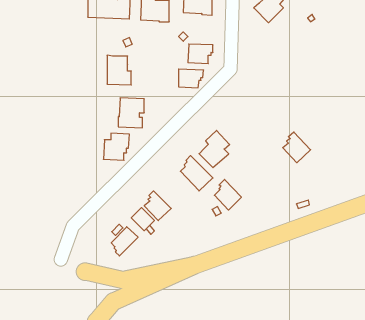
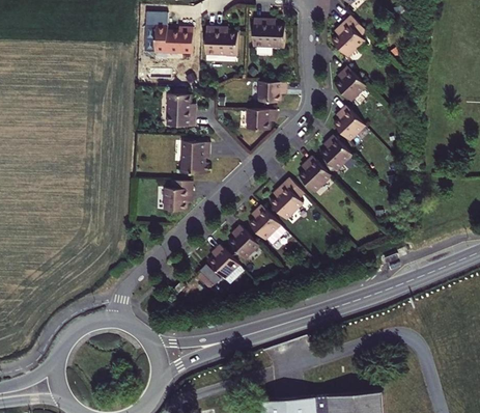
building: none -> [335,66,366,101]
building: none -> [333,106,364,140]
building: none -> [298,156,331,192]
building: [283,132,311,163] -> [320,136,351,170]
building: [214,179,241,210] -> [228,225,258,259]
building: [111,227,138,256] -> none

